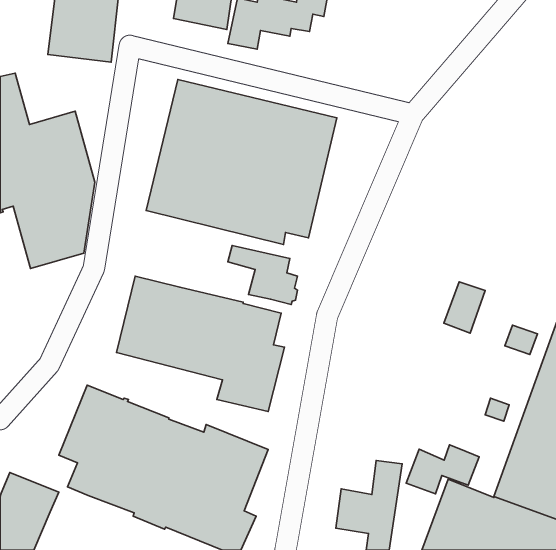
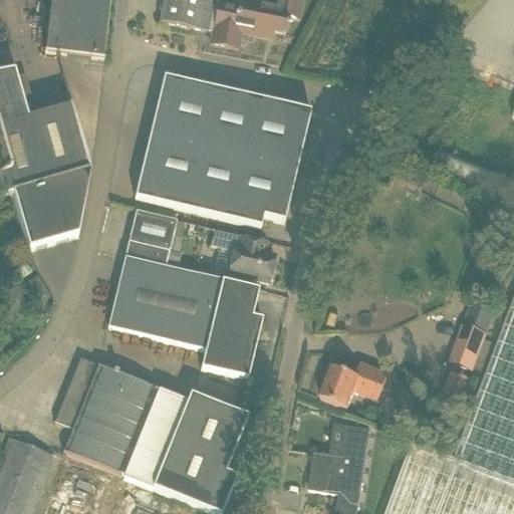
building: none -> [125,207,178,264]
building: [444,282,485,333] -> [449,321,487,368]
building: [406,445,479,494] -> [321,359,389,405]

